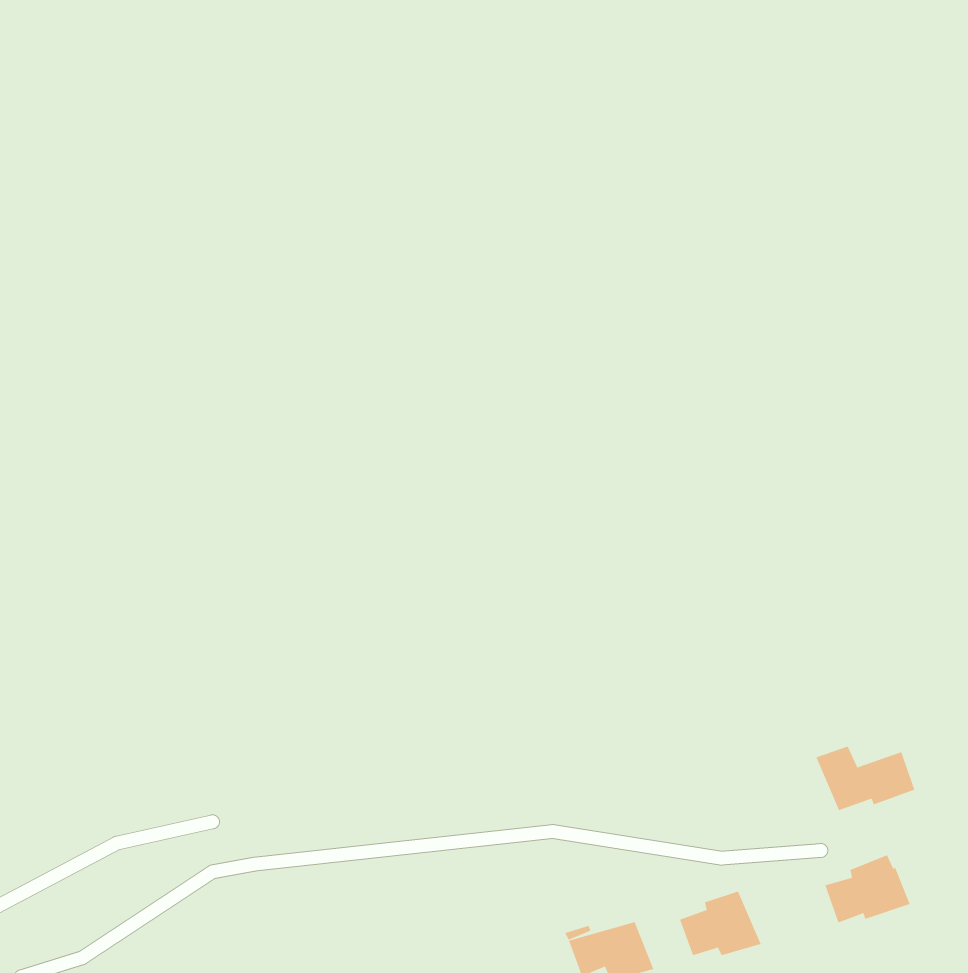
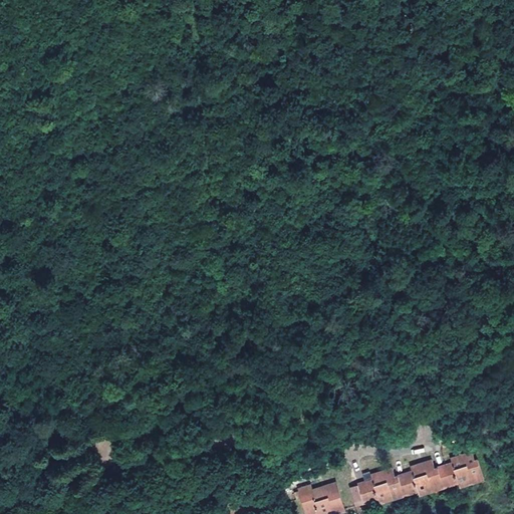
building: [816,746,915,811] -> [388,464,440,498]

